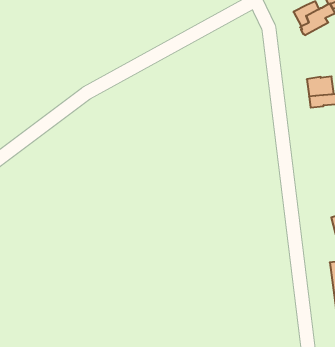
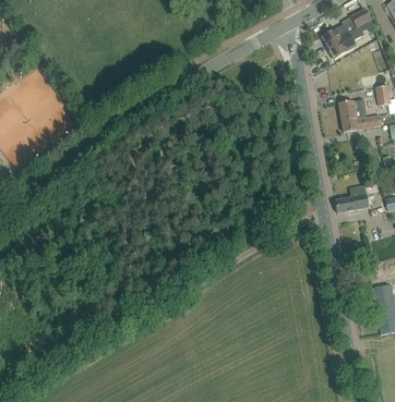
building: none -> [335,185,368,214]

